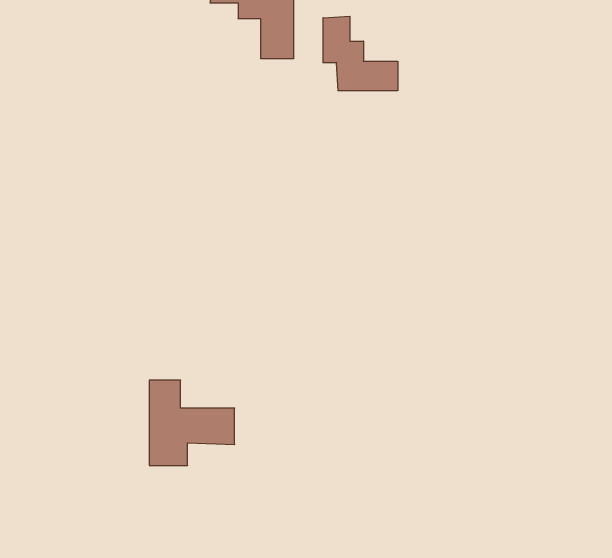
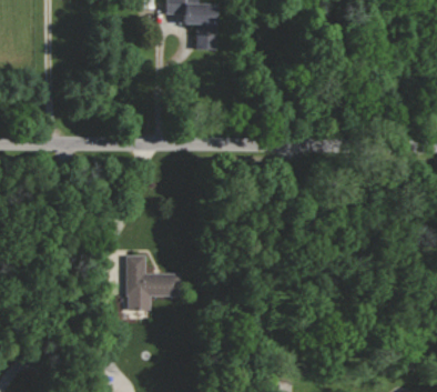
building: [323,16,398,91] -> none

